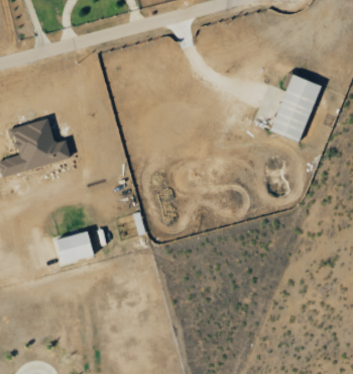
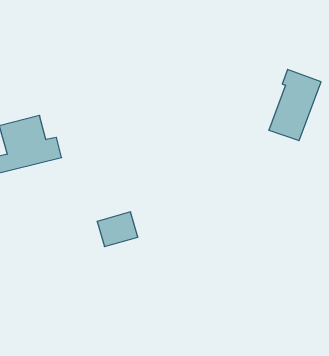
building: [55,229,95,263] -> [97,212,138,247]

